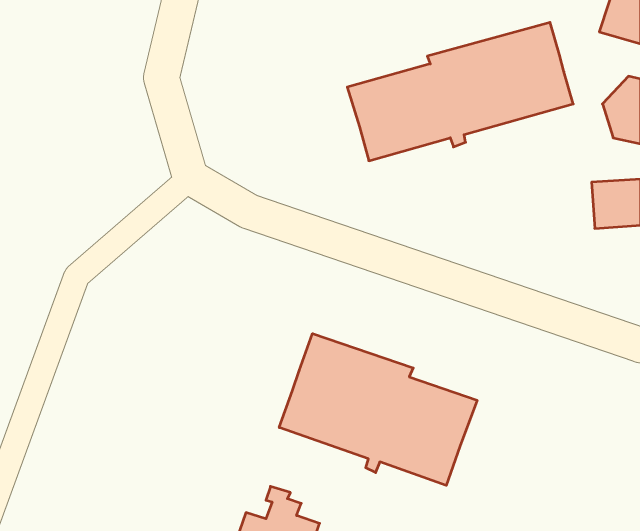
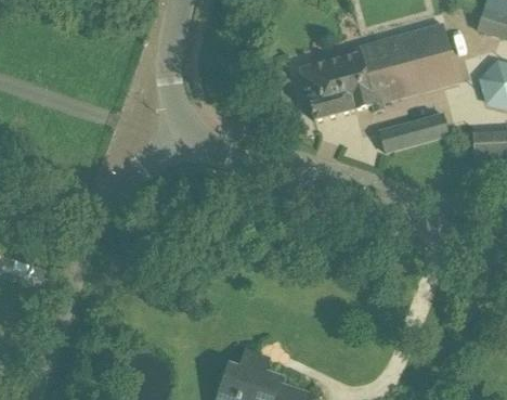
building: none -> [378,113,447,152]
building: [279,334,477,485] -> none

